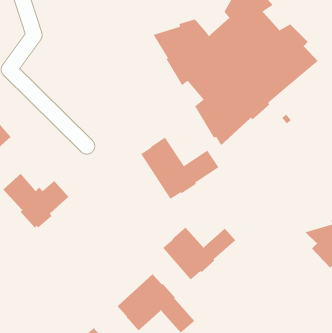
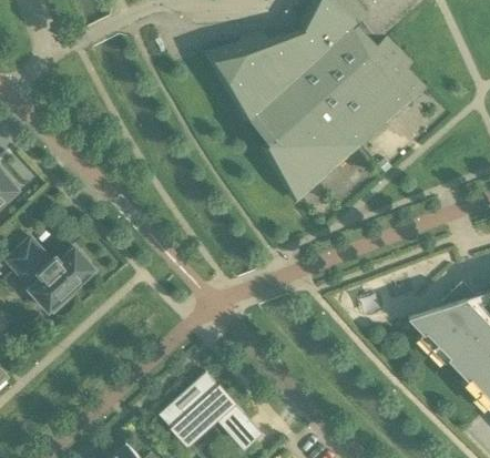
building: [140,136,219,200] -> none
building: [162,227,236,281] -> none

